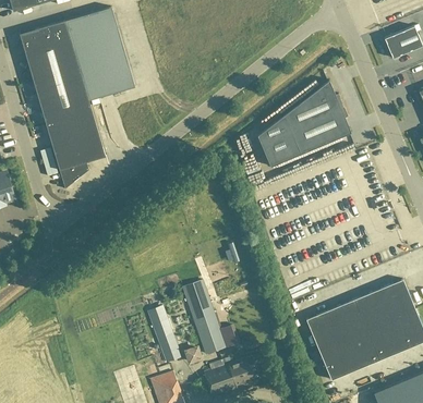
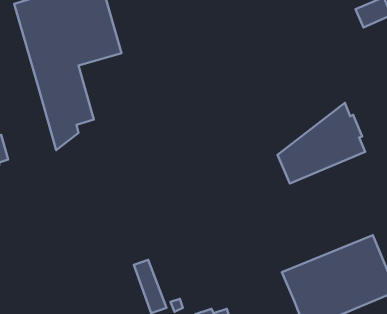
building: [257,81,351,167] -> [278,103,365,184]
building: [181,280,237,355] -> none

